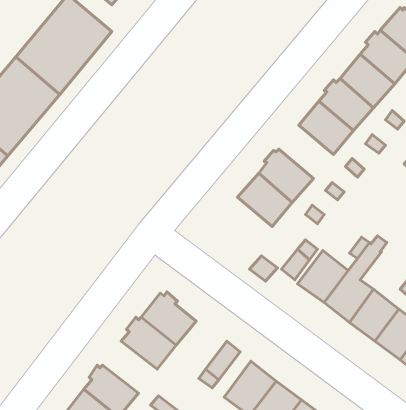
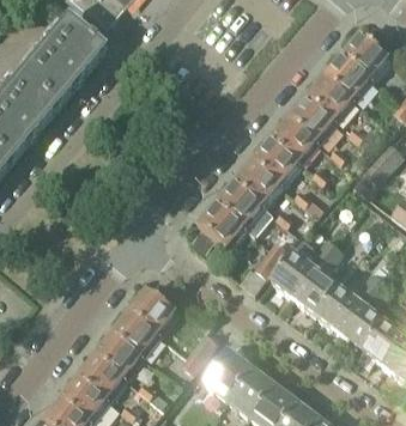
building: none -> [253,138,302,185]
building: none -> [196,202,247,249]
building: none -> [95,331,144,378]

